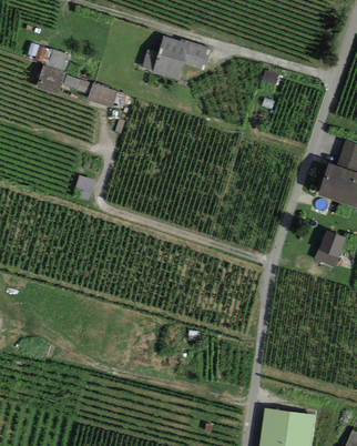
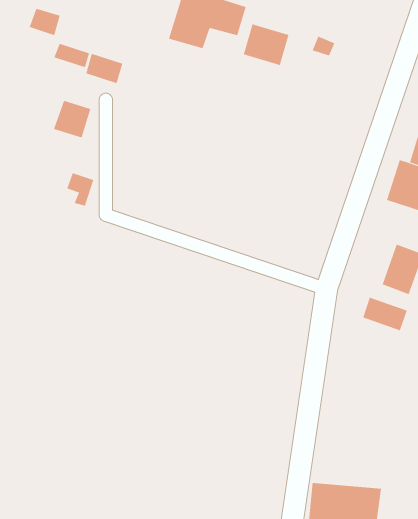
building: none -> [243,23,289,66]
building: [37,65,65,94] -> [53,100,91,138]
building: none -> [362,297,407,331]

